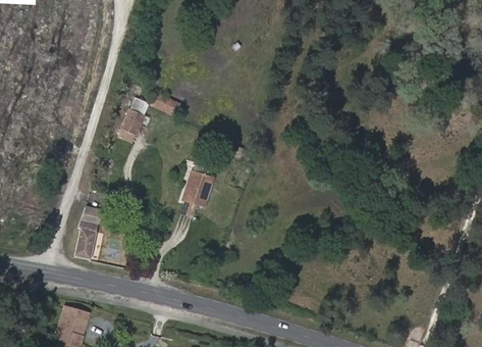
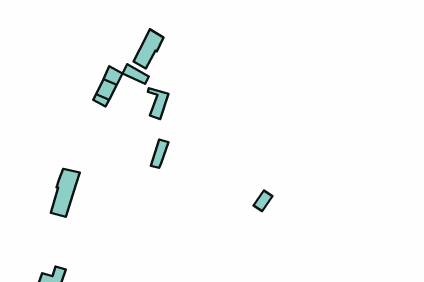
building: none -> [133,29,163,69]
building: [190,170,212,204] -> [148,88,169,119]

